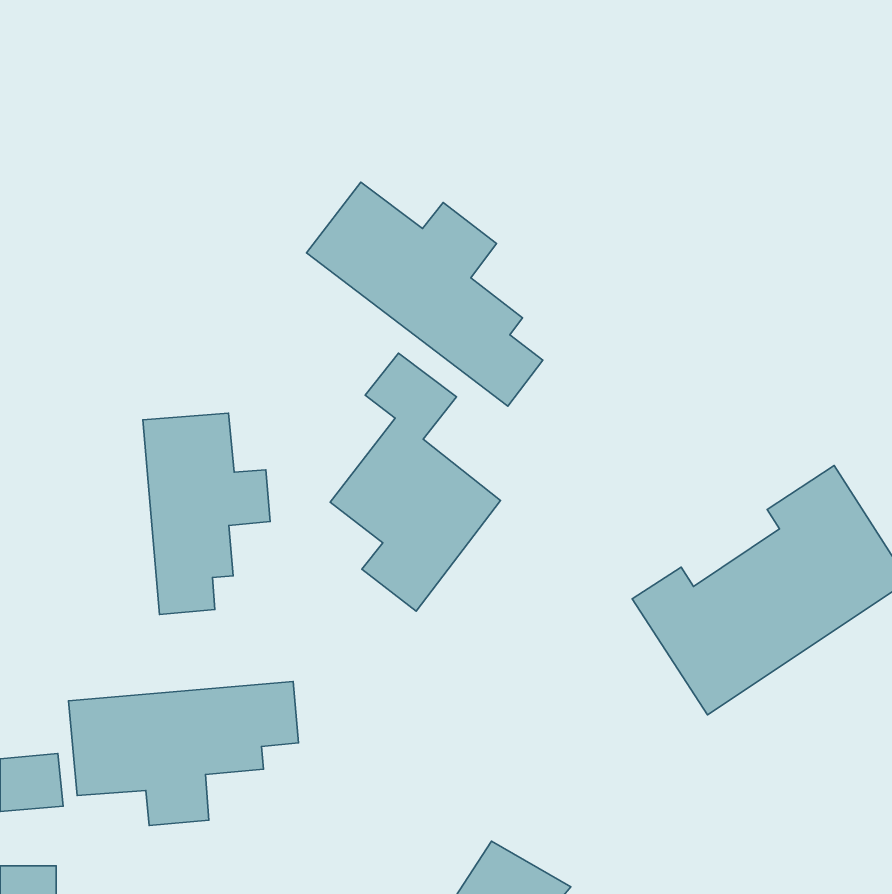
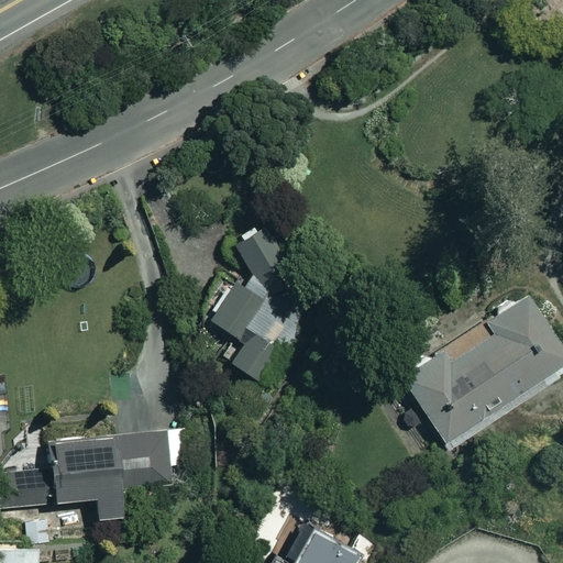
building: [306,182,543,406] -> none
building: [143,413,270,614] -> none

